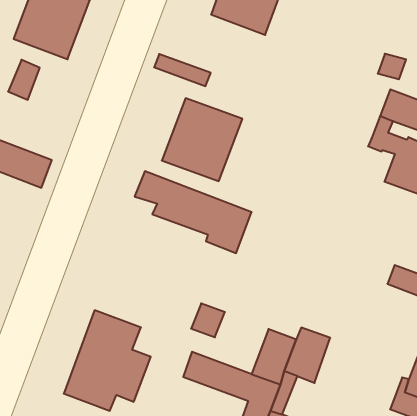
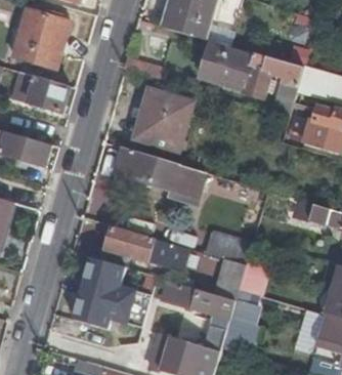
building: none -> [200,40,302,110]
building: none -> [29,76,70,111]
building: none -> [104,226,158,262]
building: none -> [204,233,252,265]

